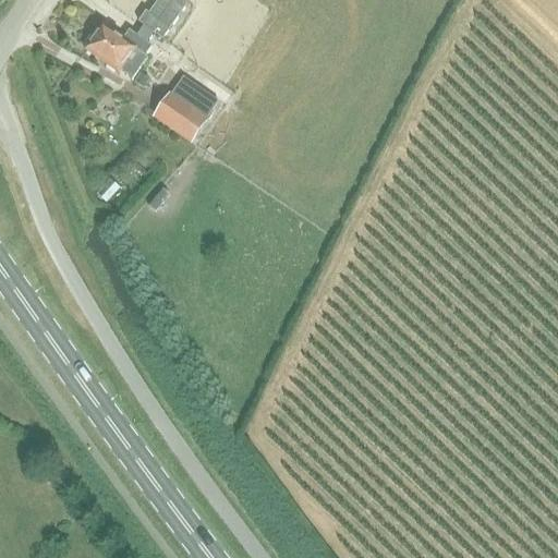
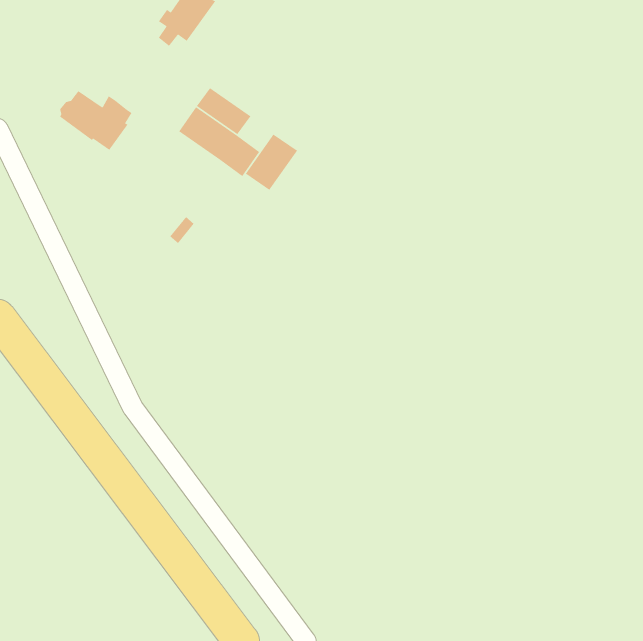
building: [87,24,150,76] -> [59,90,132,151]
building: none -> [245,134,298,191]

